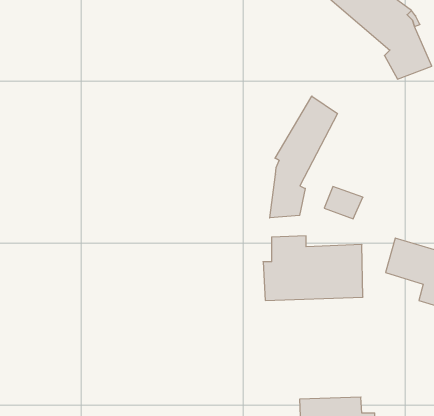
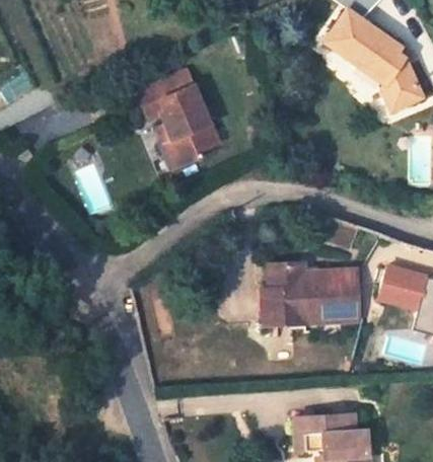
building: none -> [138,71,221,166]
building: [270,96,337,218] -> none

